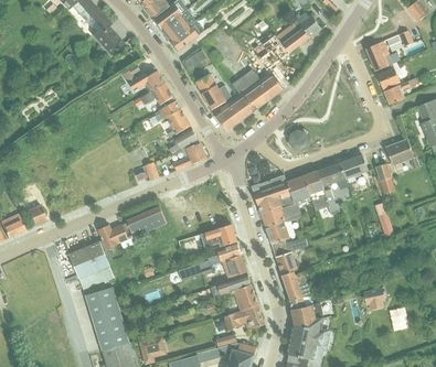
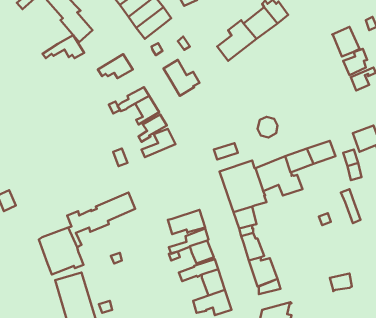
building: [216,68,284,131] -> none
building: [134,83,176,106] -> [43,35,84,58]
building: [291,302,323,324] -> none

